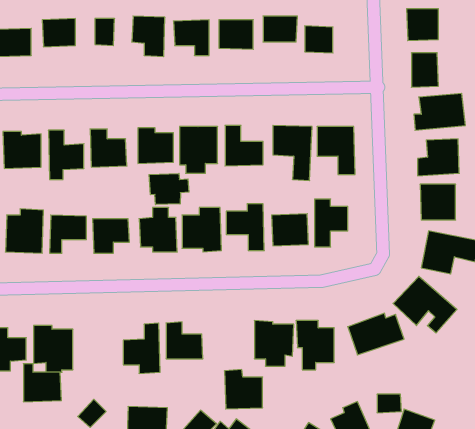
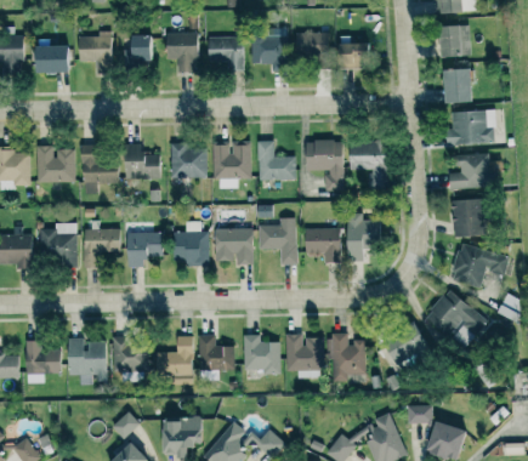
building: [149,173,189,205] -> none
building: [23,364,61,402] -> [114,337,152,375]
building: [224,370,263,409] -> [243,335,280,374]

